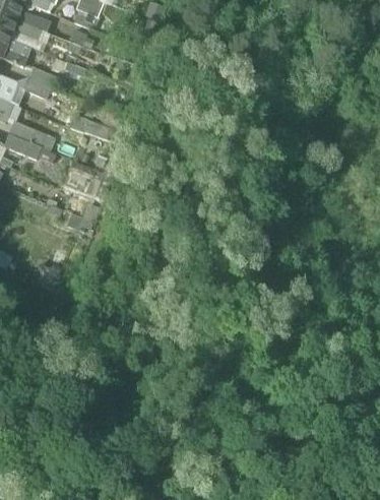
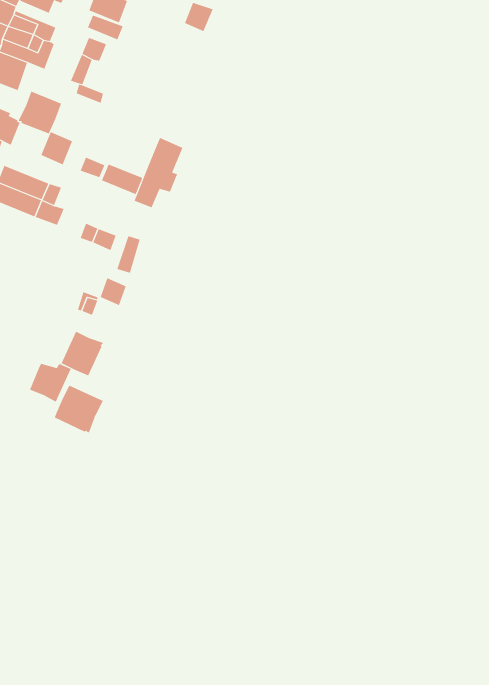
building: none -> [134,137,183,208]
building: none -> [61,331,104,376]
building: none -> [54,385,104,434]

